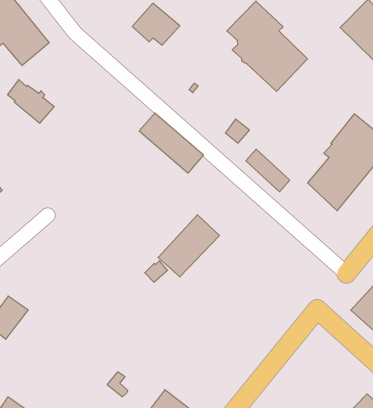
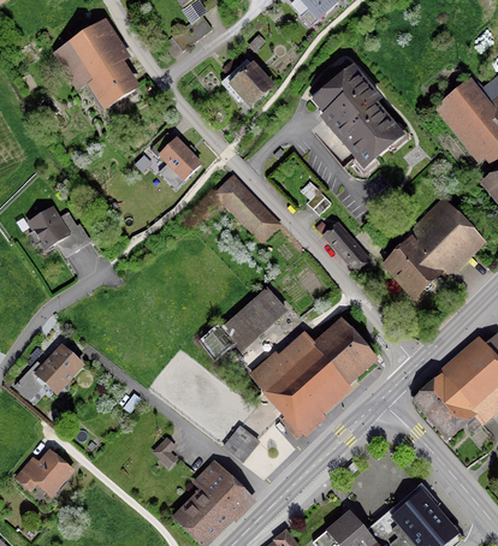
building: [8,79,54,123] -> [154,131,201,179]
building: none -> [253,321,375,435]
building: none -> [224,425,259,459]

